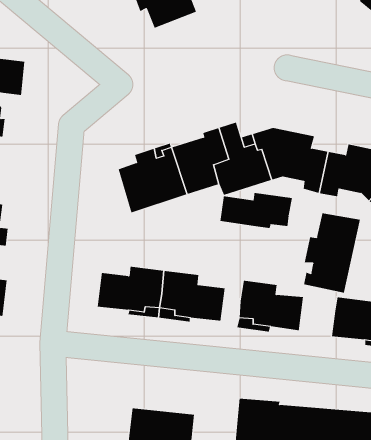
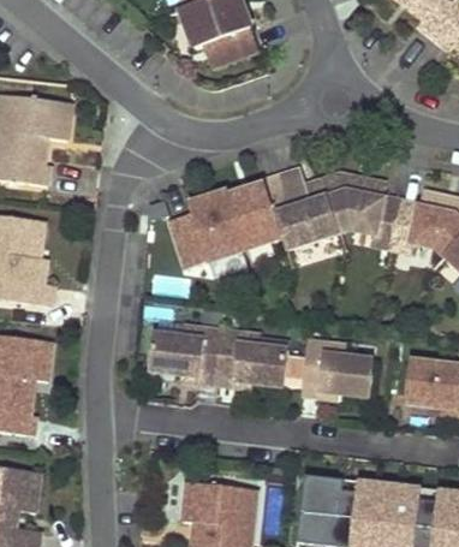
building: [220,192,292,229] -> none
building: [303,213,360,294] -> none

